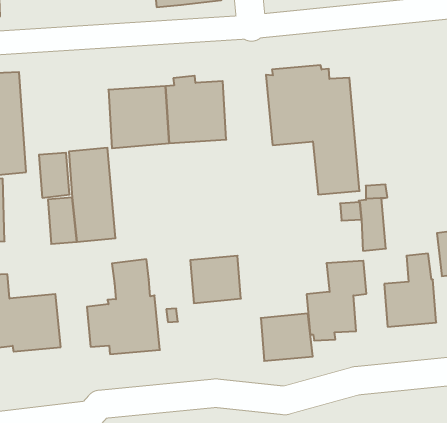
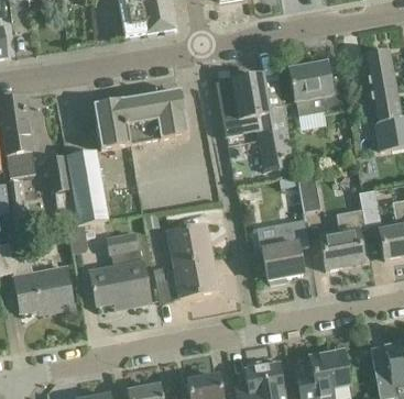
building: none -> [288,63,348,114]
building: [261,314,313,361] -> [175,257,218,297]

